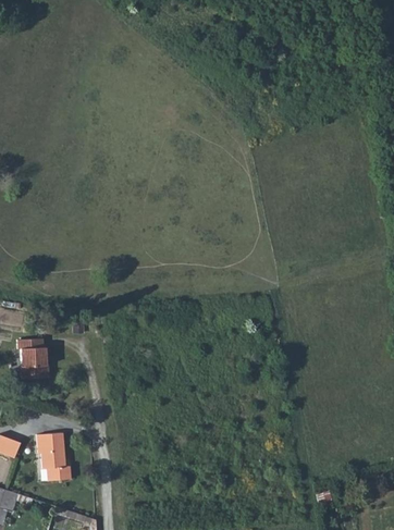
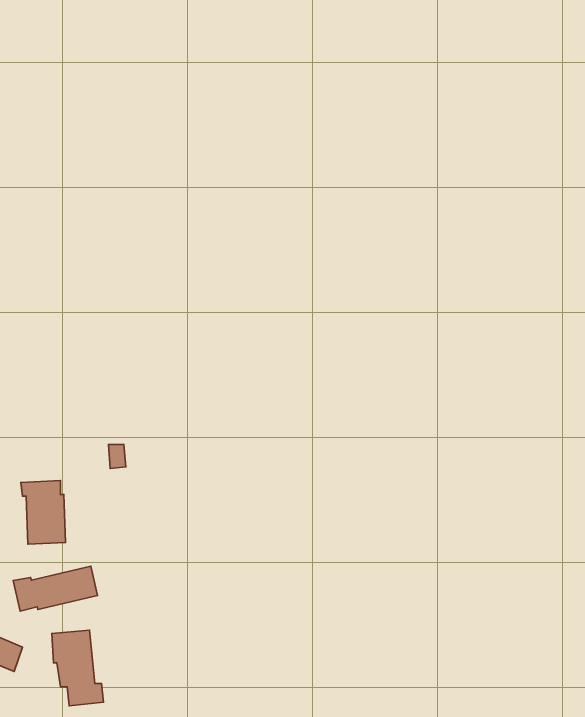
building: none -> [13,566,98,611]

